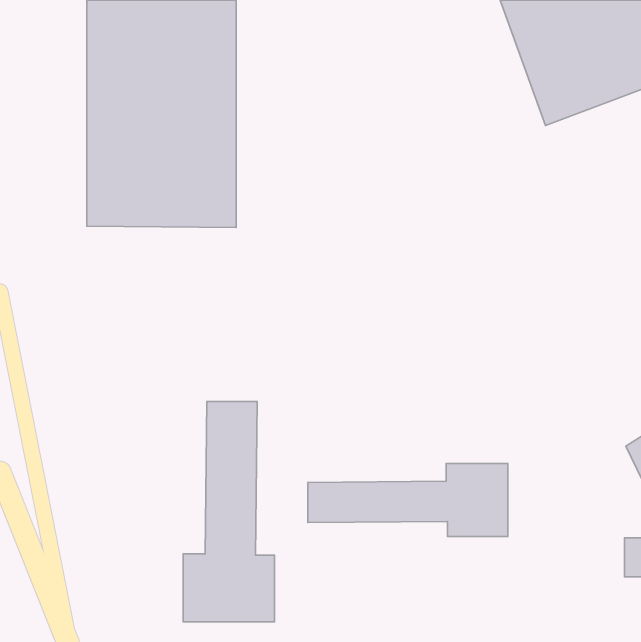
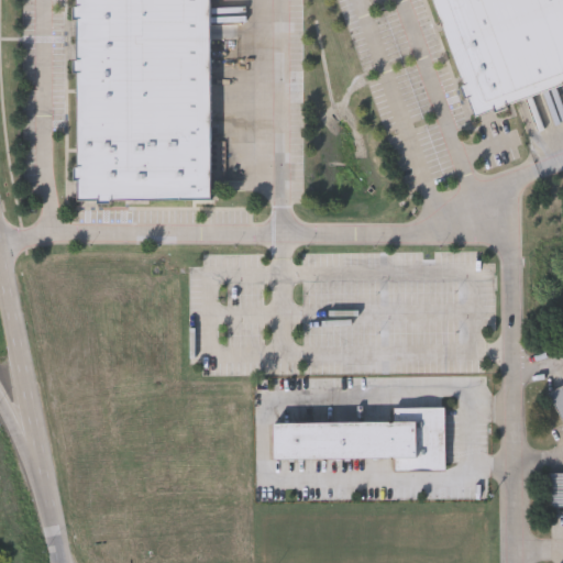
building: [183,401,274,622] -> none

